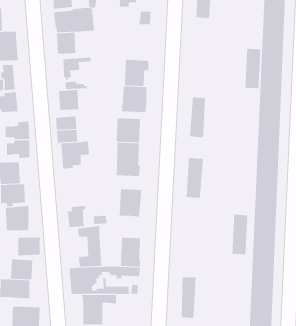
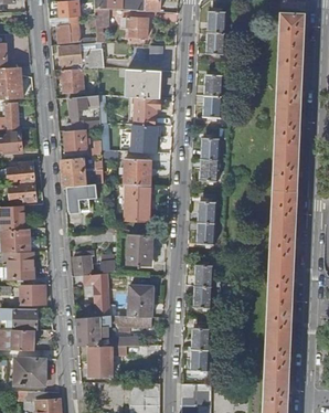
building: none -> [125,68,157,98]
building: [245,48,261,89] -> [204,74,222,117]
building: [231,214,248,255] -> [194,264,212,307]

